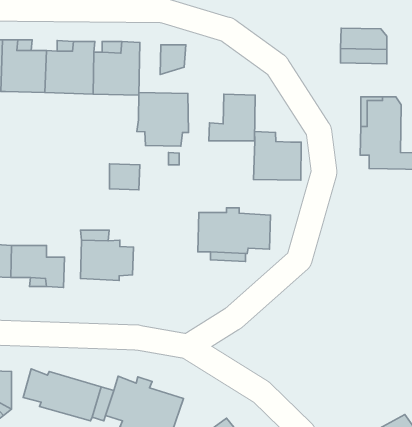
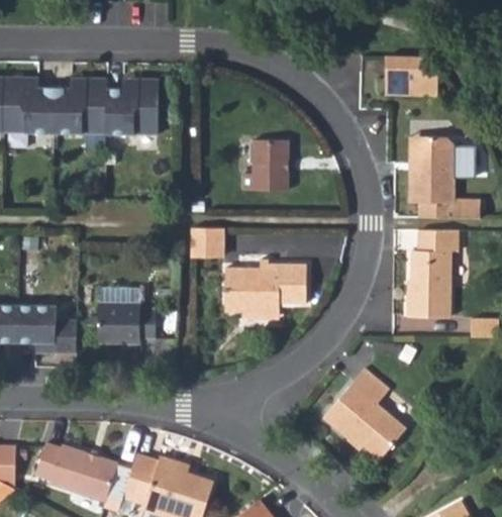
building: [160,45,186,75] -> none
building: [137,92,188,146] -> none
building: [254,132,301,180] -> none
building: [109,164,140,190] -> [192,228,226,257]
building: none -> [403,232,458,316]
building: none -> [317,369,401,455]

